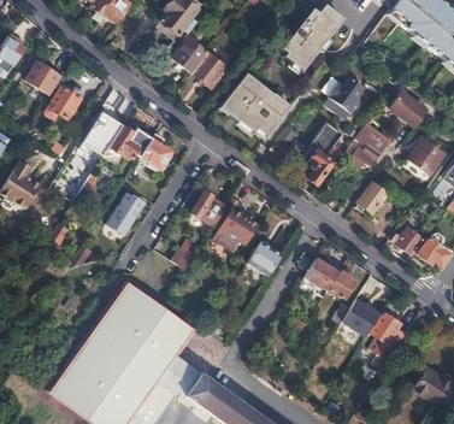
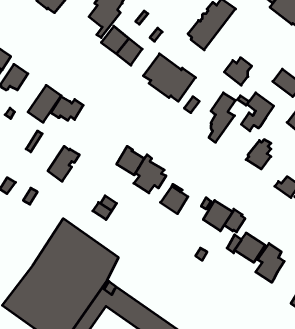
building: [138,134,171,167] -> none

